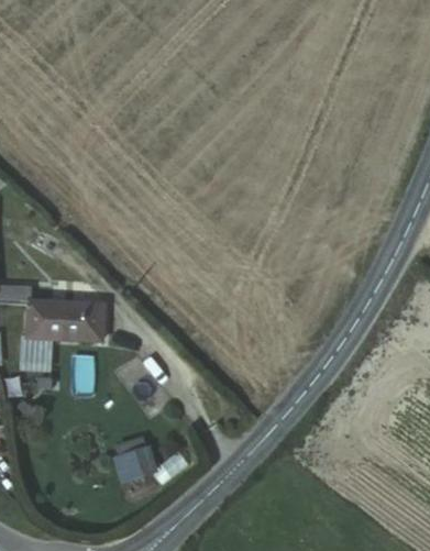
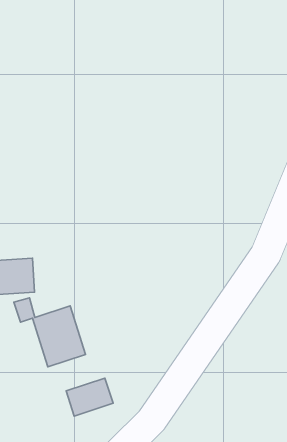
building: none -> [14,298,85,367]

